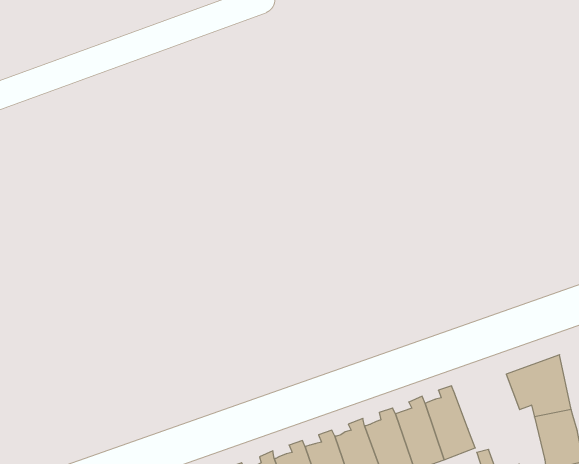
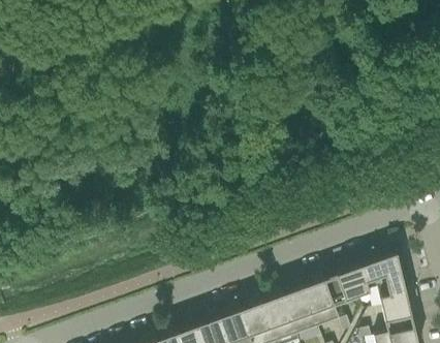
building: none -> [324,267,370,305]

